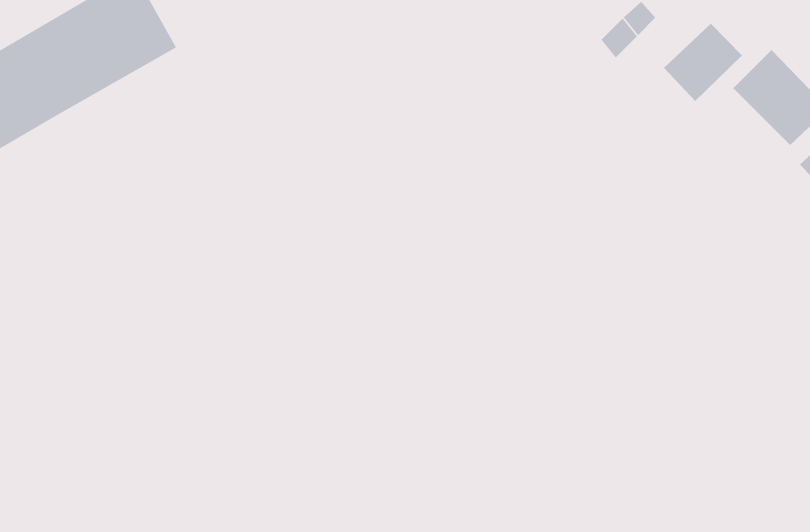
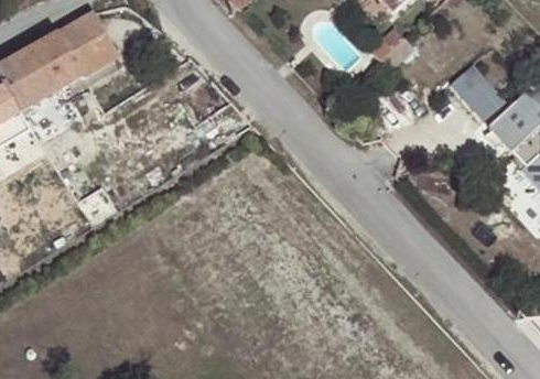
building: [663,23,743,102] -> none

